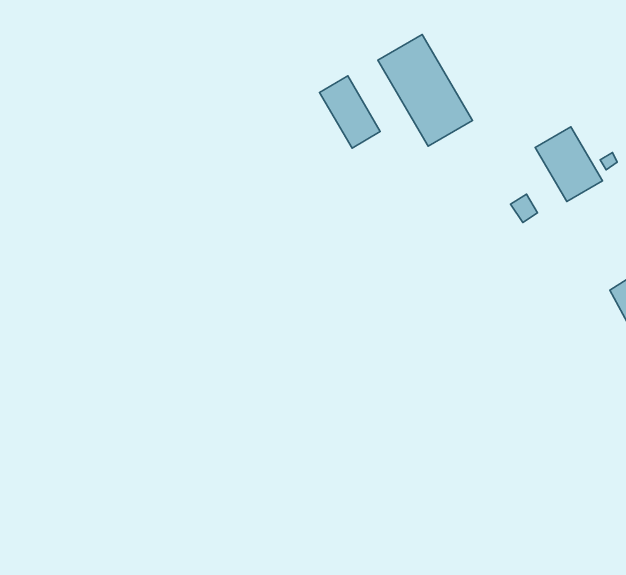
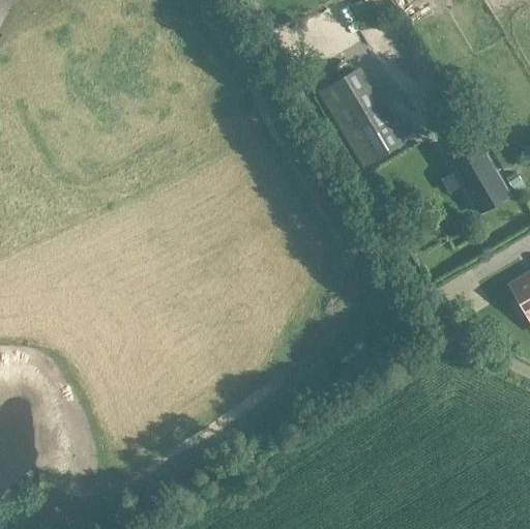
building: [320,76,380,148] -> none

